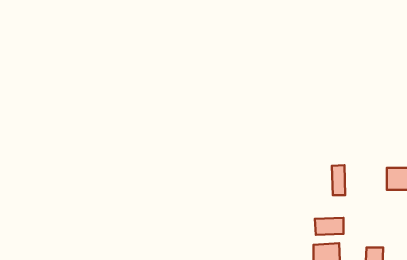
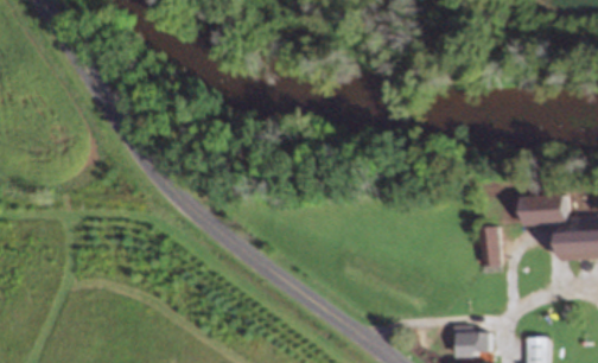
building: none -> [519,195,567,224]
building: [315,218,344,235] -> none

